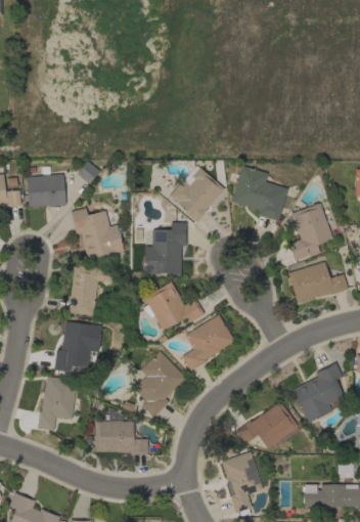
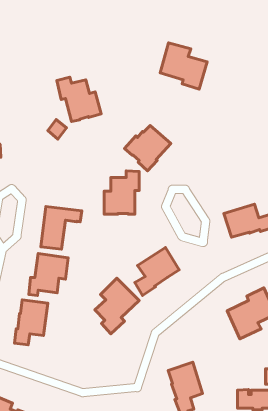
building: [231,166,287,221] -> [160,43,207,89]
building: [26,174,65,208] -> none
building: [288,204,332,260] -> none
building: [71,208,124,261] -> [57,77,101,122]
building: [142,281,204,332] -> none
building: [236,401,300,449] -> none
building: [94,408,147,454] -> none

